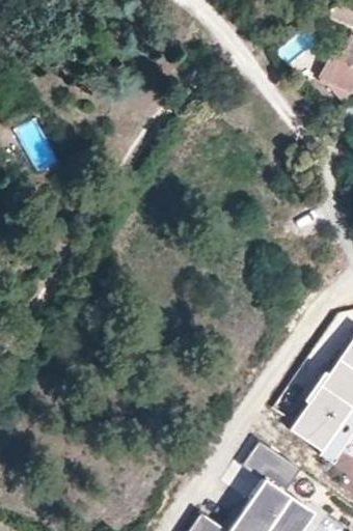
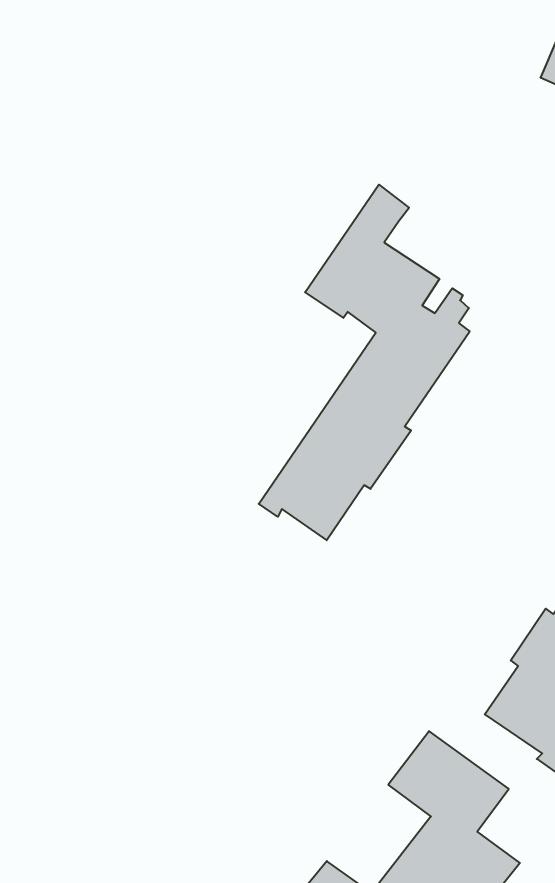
building: none -> [259,185,470,540]

